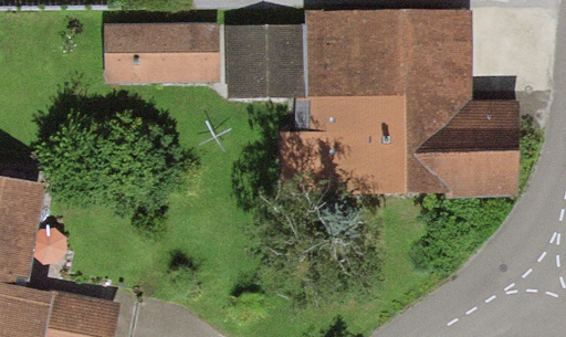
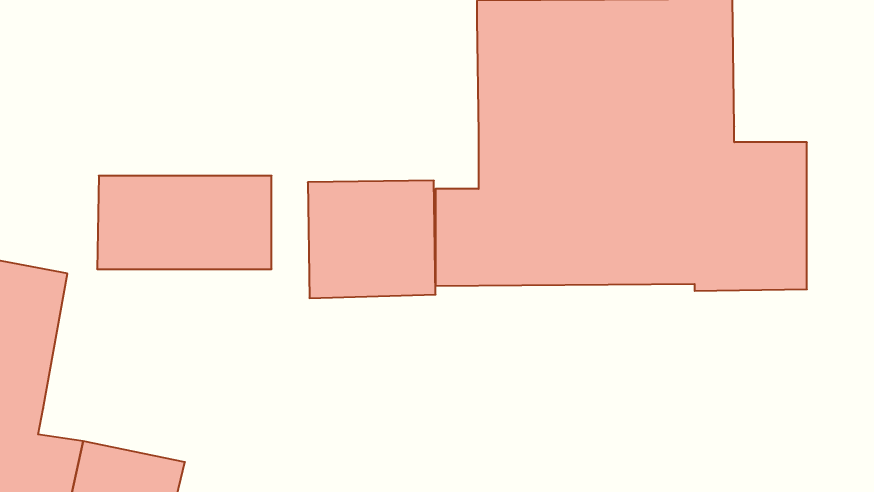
building: [106,22,218,82] -> [97,176,272,269]
building: [226,22,307,97] -> [308,181,436,298]

